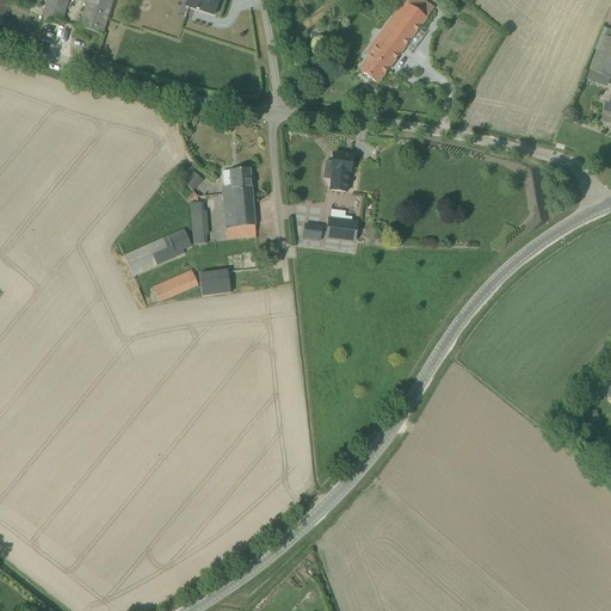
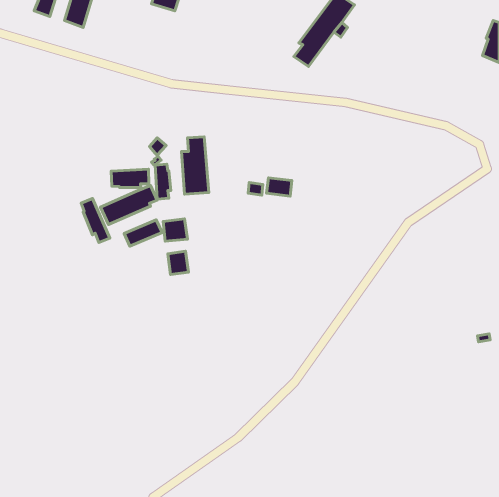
building: [329,152,352,191] -> none
building: none -> [111,169,149,188]
building: none -> [81,199,110,243]
building: none -> [168,251,188,274]

